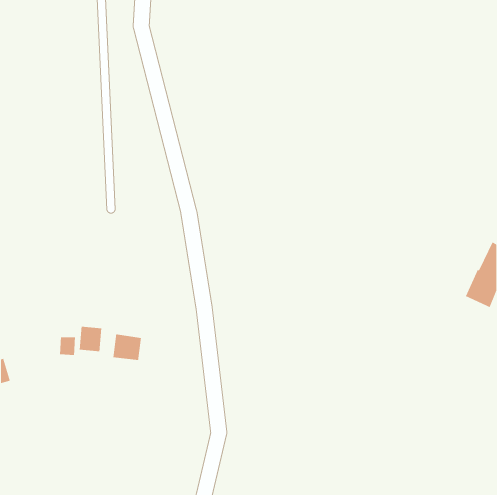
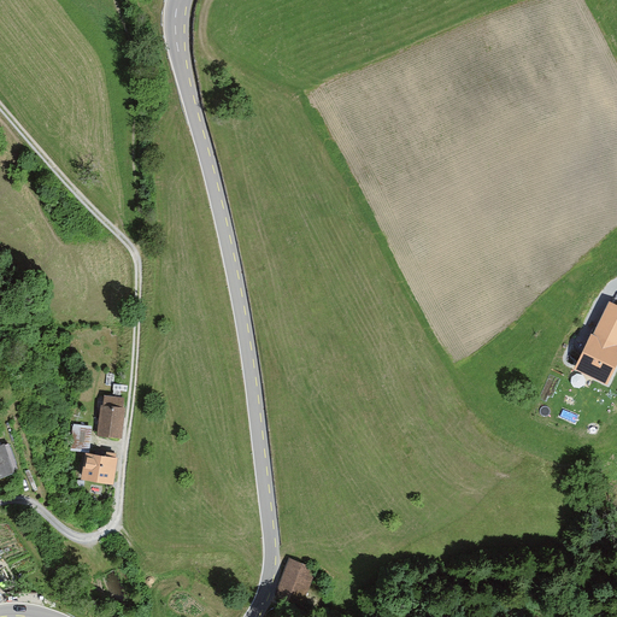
building: [113,334,142,361] -> [81,449,117,483]
building: none -> [276,558,316,604]

